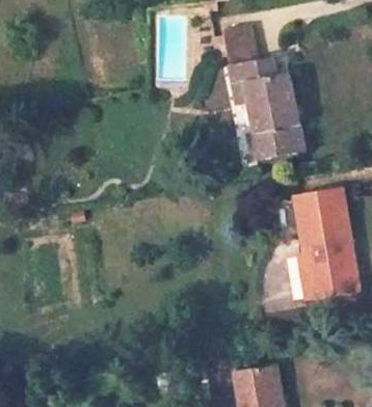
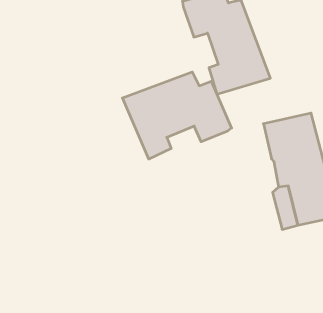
building: none -> [122,72,232,159]

